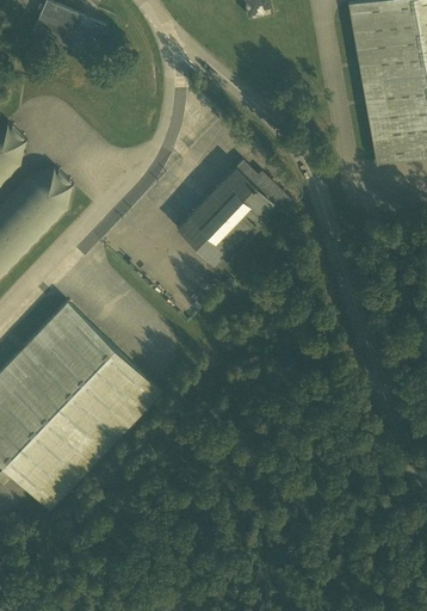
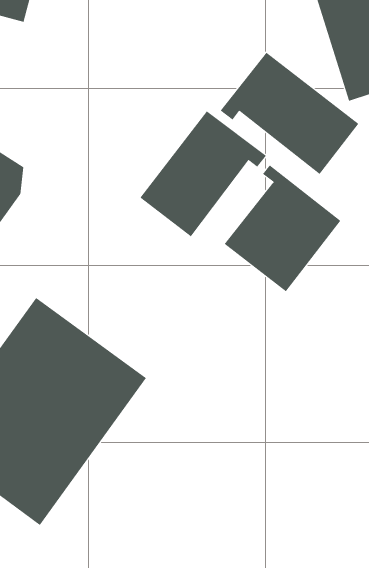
building: none -> [220,52,359,175]
building: none -> [224,164,341,292]

